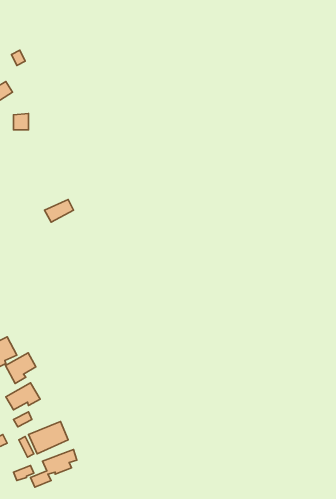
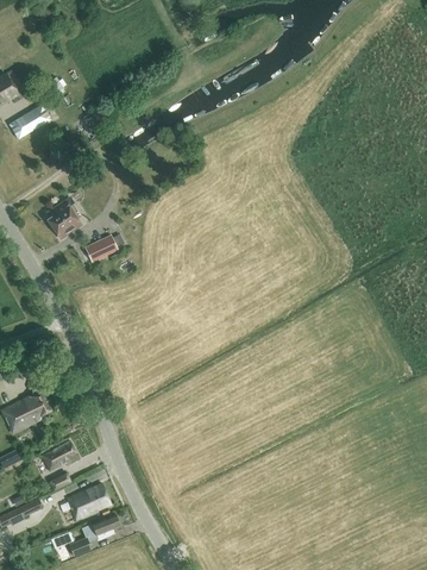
building: none -> [48,198,80,238]
building: [6,353,36,383] -> none

